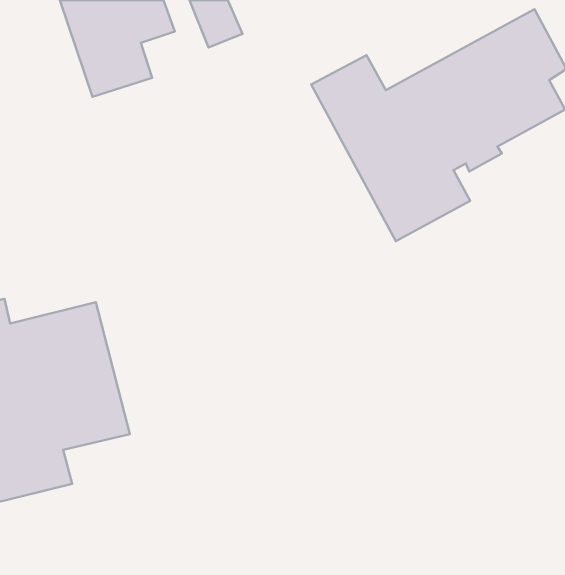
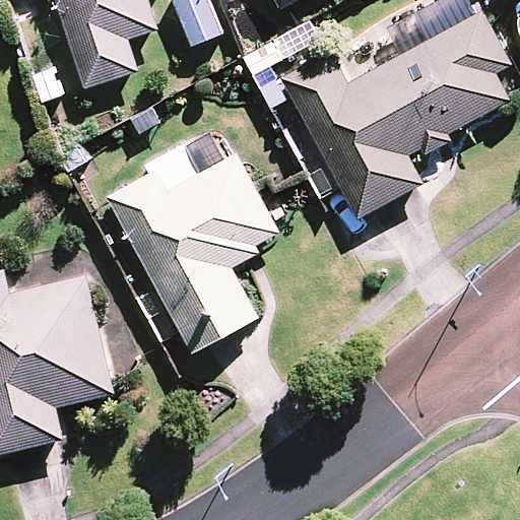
building: none -> [107,150,278,350]

